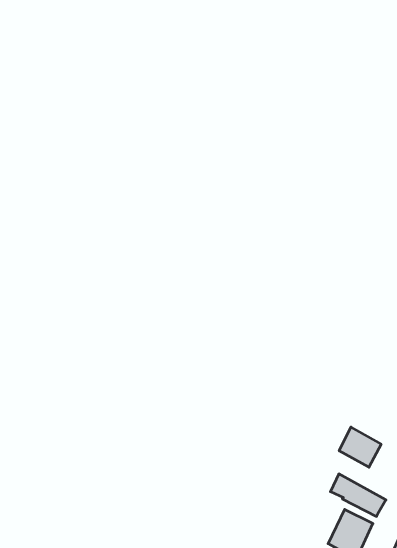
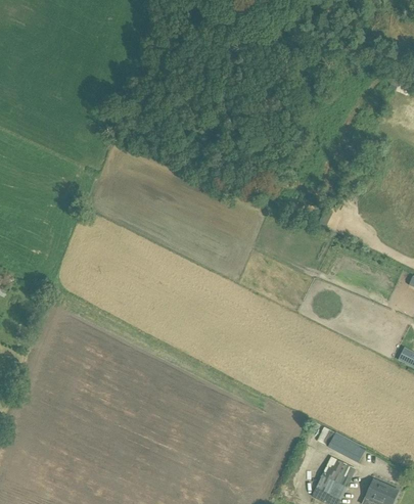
building: [339,427,381,467] -> none

